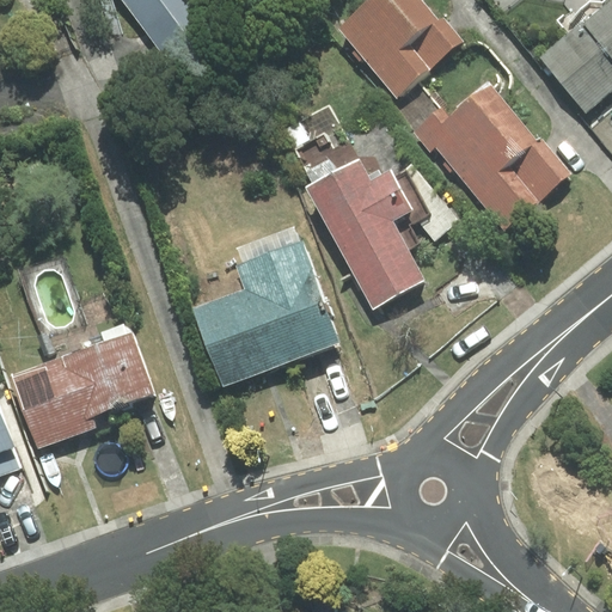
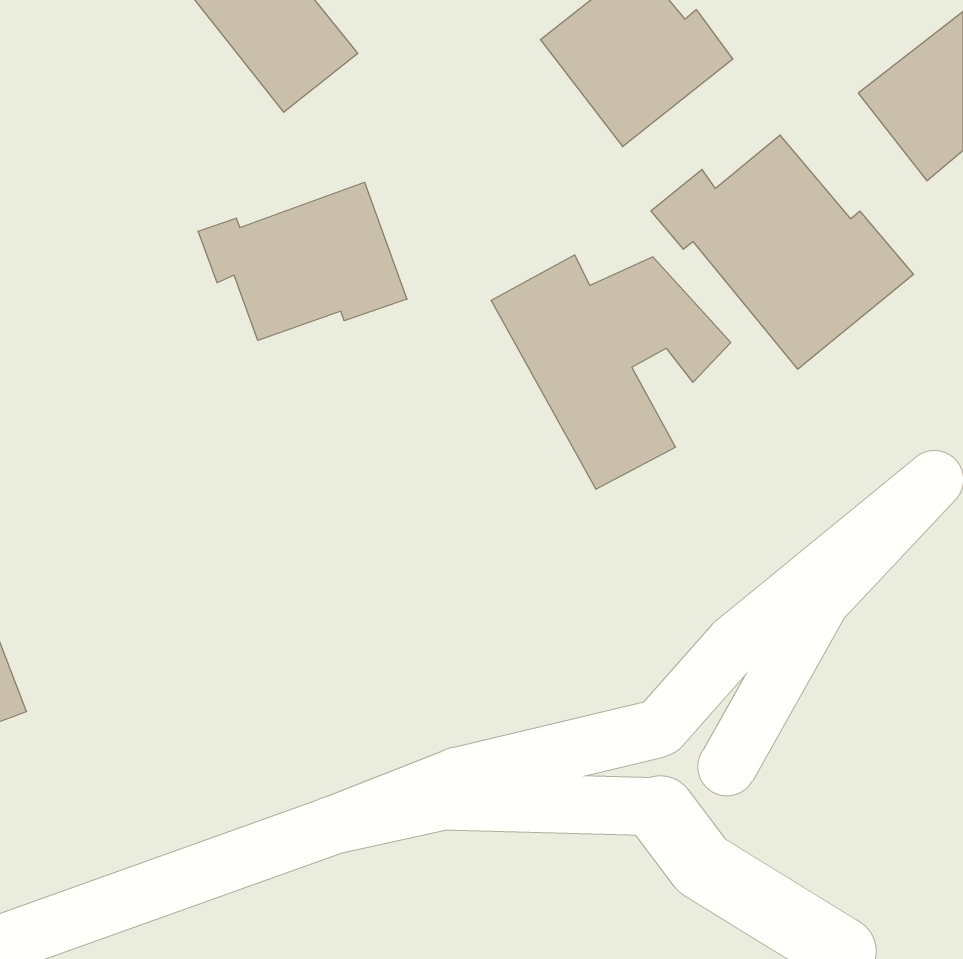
building: none -> [198,182,407,340]
building: [191,243,335,386] -> none
building: [8,326,158,446] -> none

